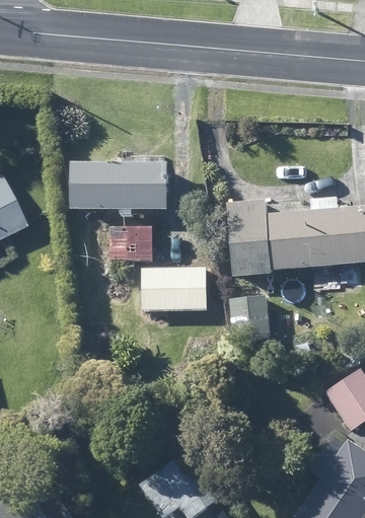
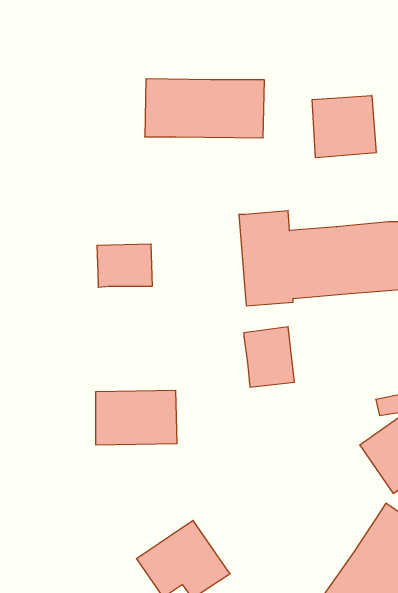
building: none -> [312,95,376,158]
building: [68,161,166,210] -> [145,79,264,138]
building: [141,266,208,310] -> [96,390,177,445]

